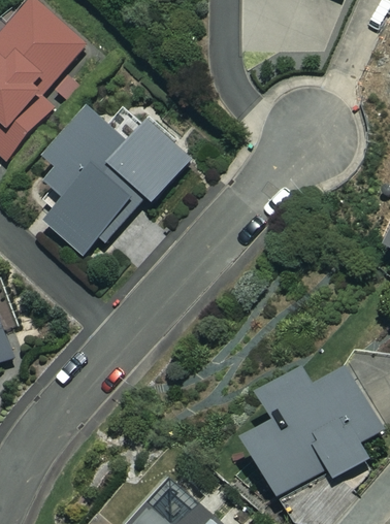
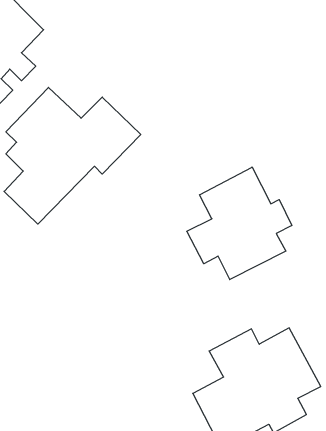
building: none -> [187,167,292,280]

